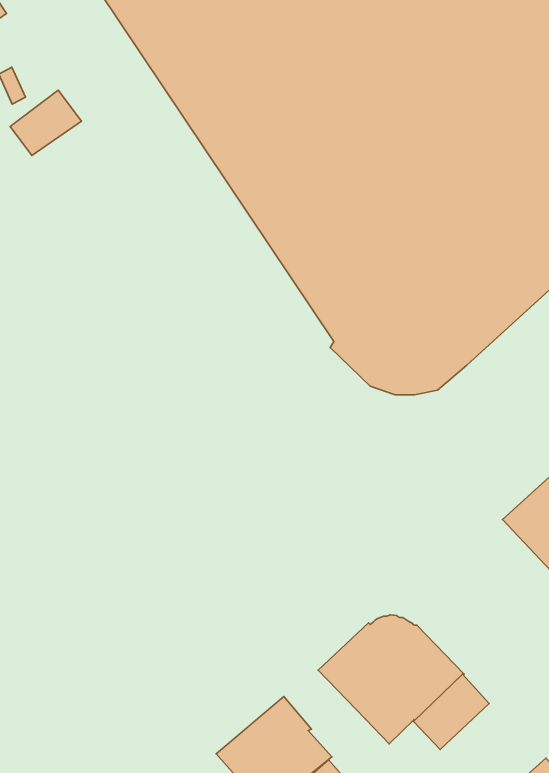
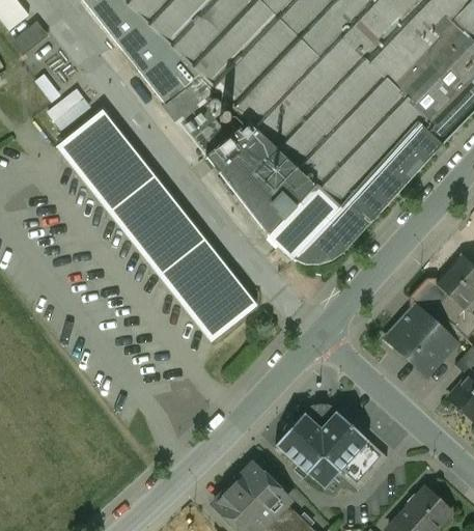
building: none -> [59,111,255,339]

